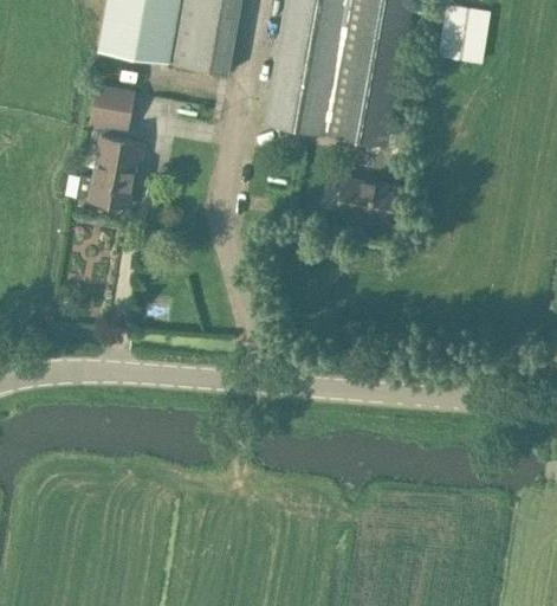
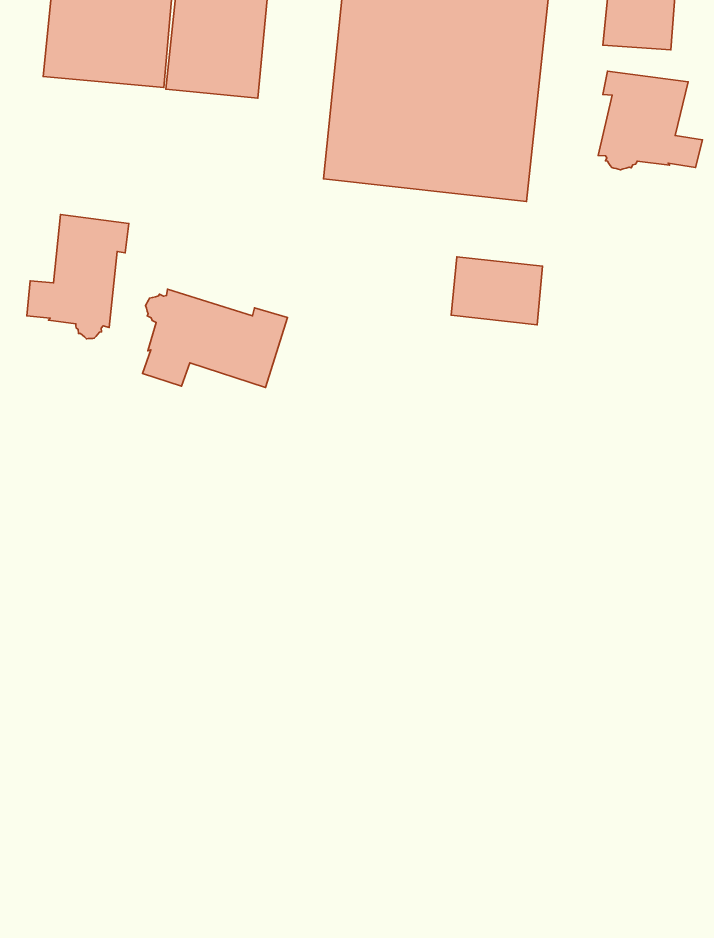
building: none -> [598,71,702,170]
building: [90,84,134,129] -> none
building: none -> [142,289,288,387]

